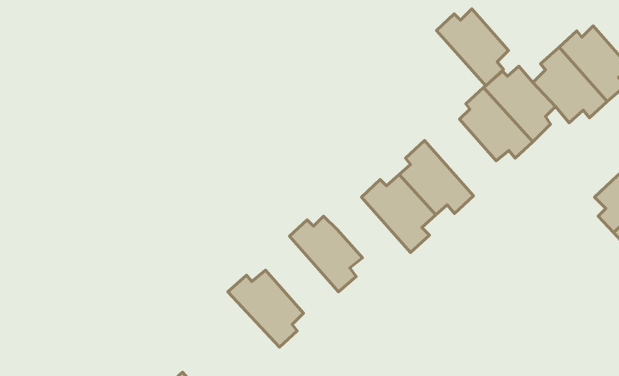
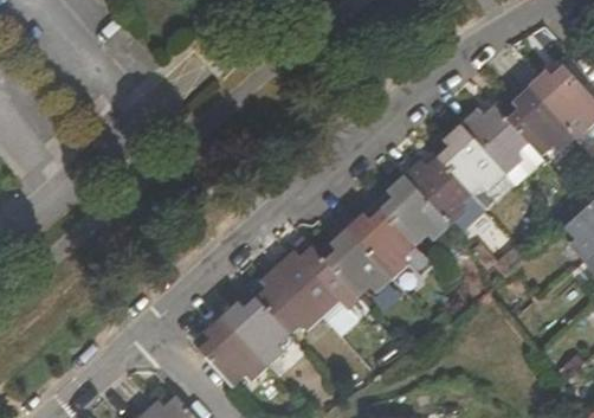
building: [437,9,508,86] -> [405,154,472,226]
building: none -> [323,227,392,297]
building: none -> [256,264,324,336]
building: none -> [196,316,269,388]

